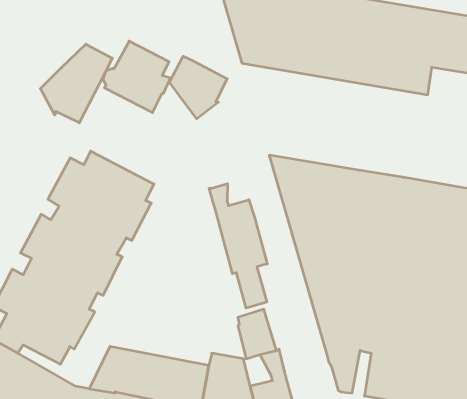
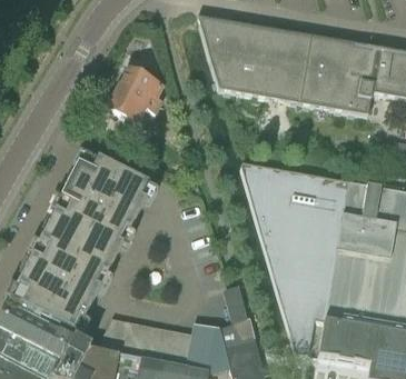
building: [40,44,112,123] -> none
building: [169,56,227,119] -> none
building: [209,184,267,308] -> none

